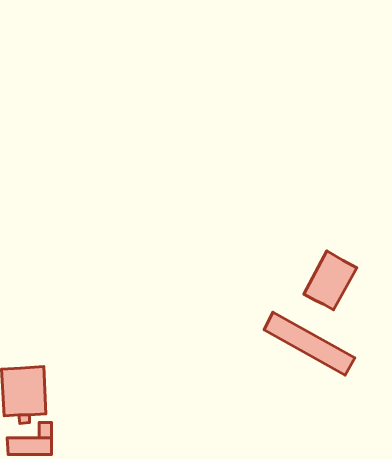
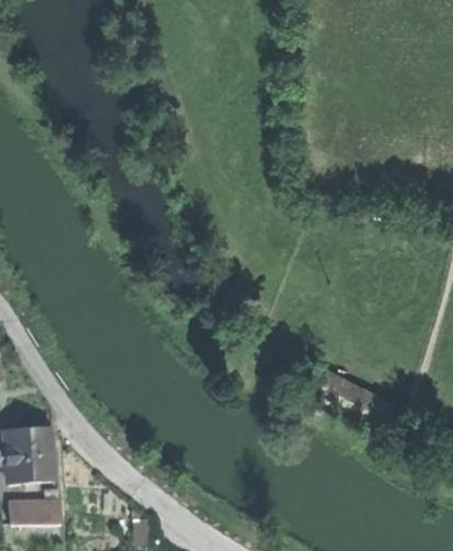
building: [304,251,357,310] -> none

